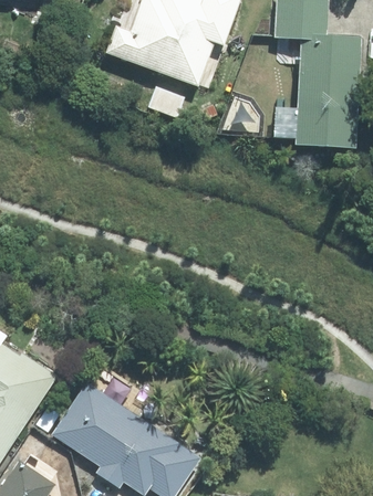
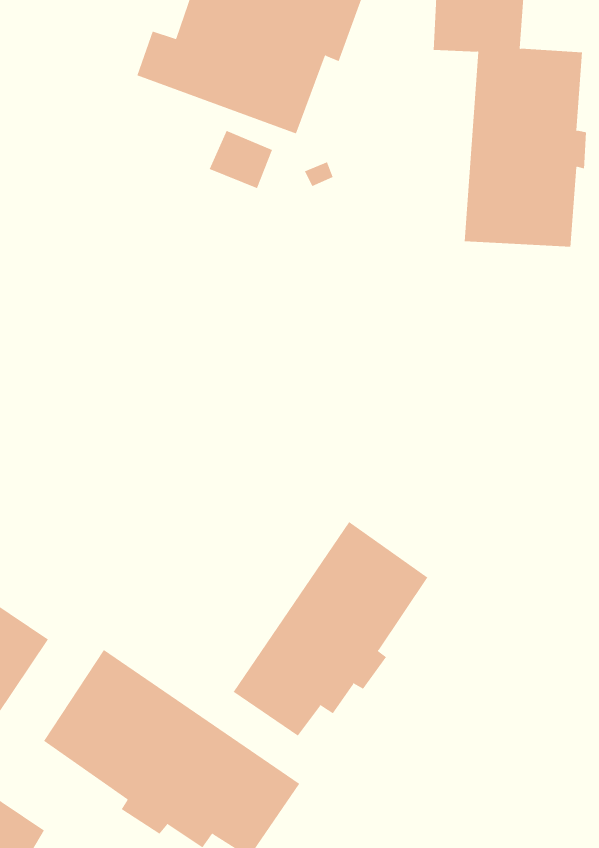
building: none -> [233,521,428,737]

